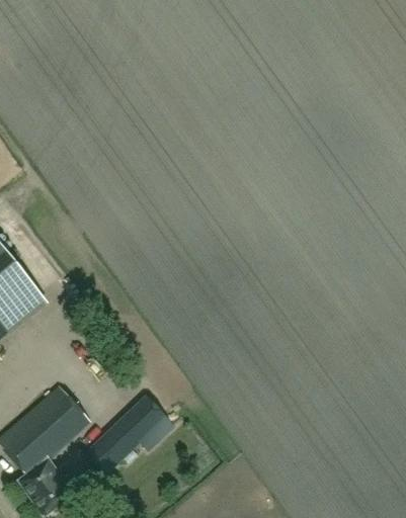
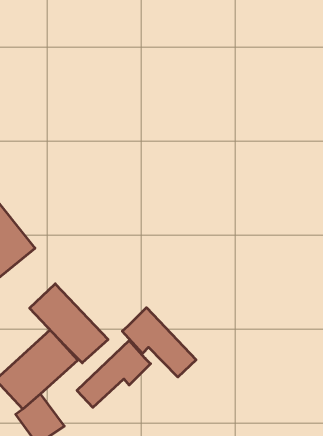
building: none -> [30,284,108,363]
building: none -> [122,308,196,377]

